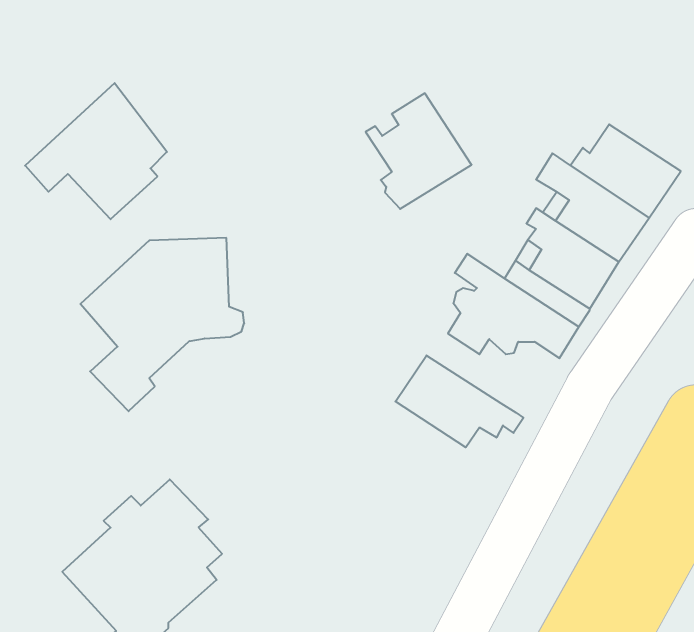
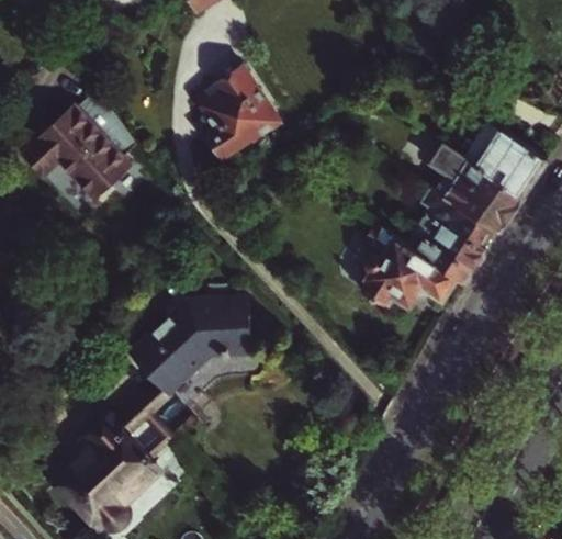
building: [366,93,472,209] -> [195,67,280,159]
building: [80,238,244,411] -> [130,300,260,438]
building: [395,355,523,447] -> none

